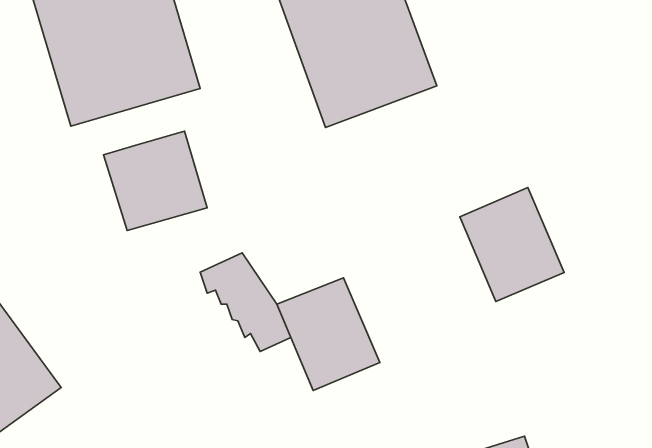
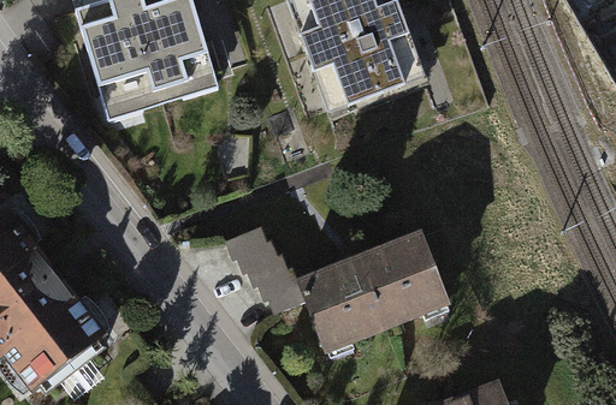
building: [104,131,207,231] -> none
building: [460,188,564,302] -> [346,224,437,322]

